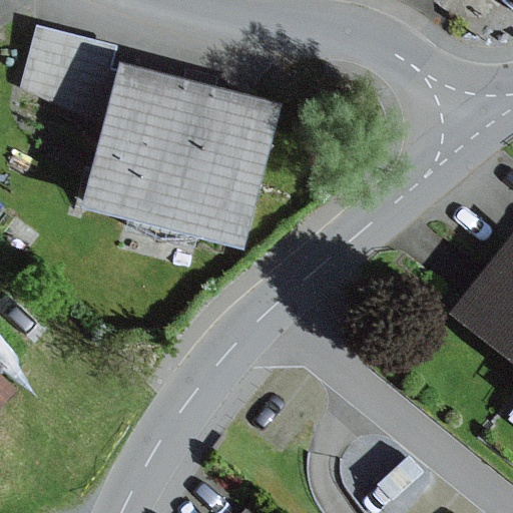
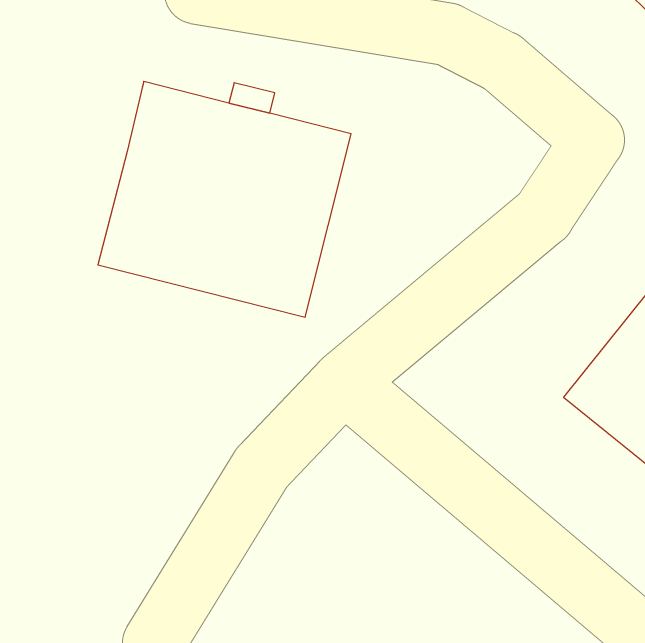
building: [21,22,117,119] -> none

